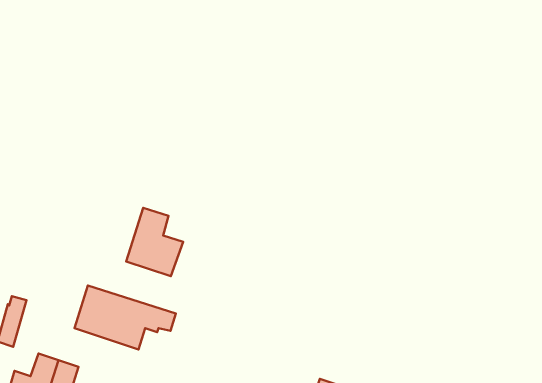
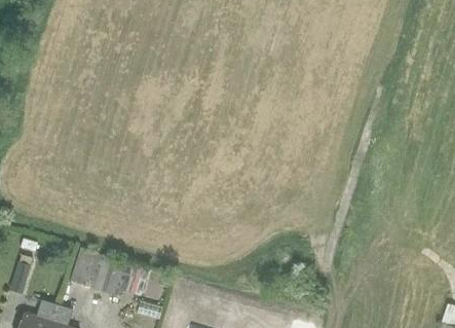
building: [126,208,183,276] -> none

